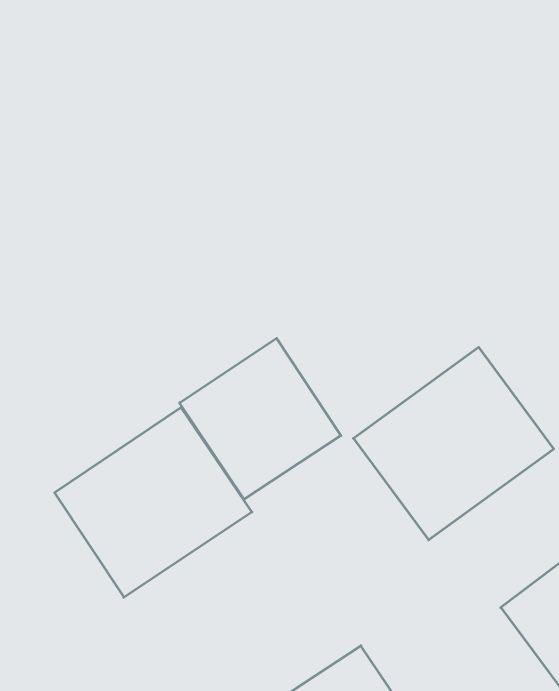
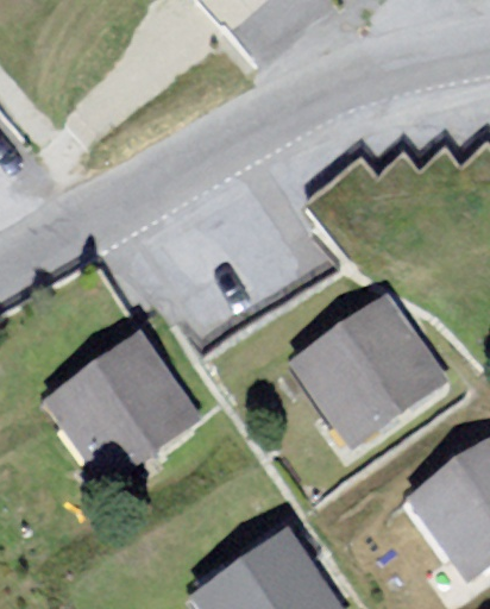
building: [180,338,341,499] -> none

